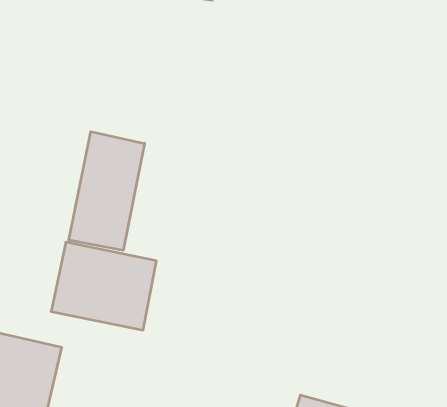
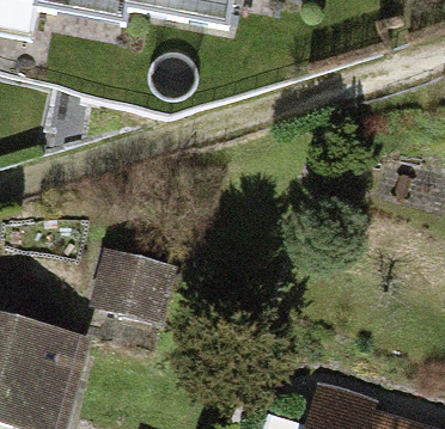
building: [69,132,145,250] -> none

